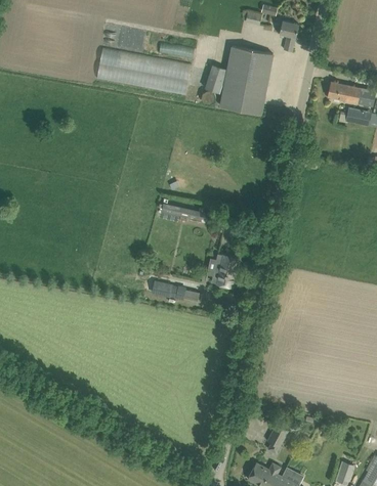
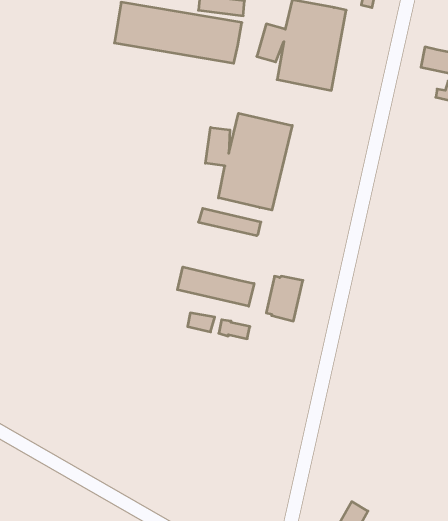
building: none -> [205,113,292,210]
building: none -> [177,267,254,306]

